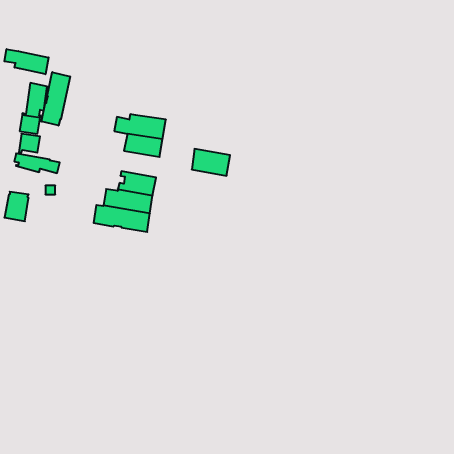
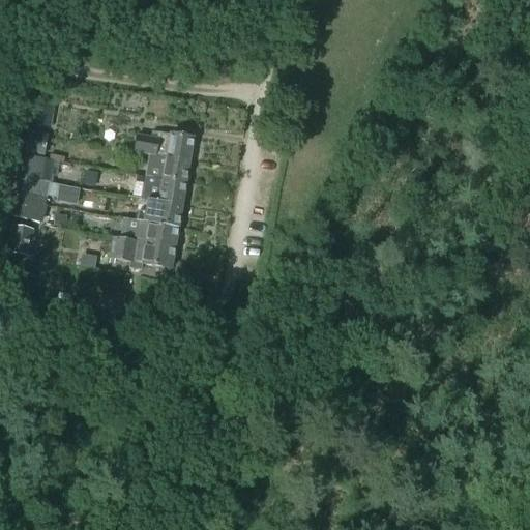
building: [4,49,49,74] -> none
building: [41,72,70,126] -> none
building: [192,149,230,176] -> [143,175,187,206]
building: none -> [14,193,48,224]

